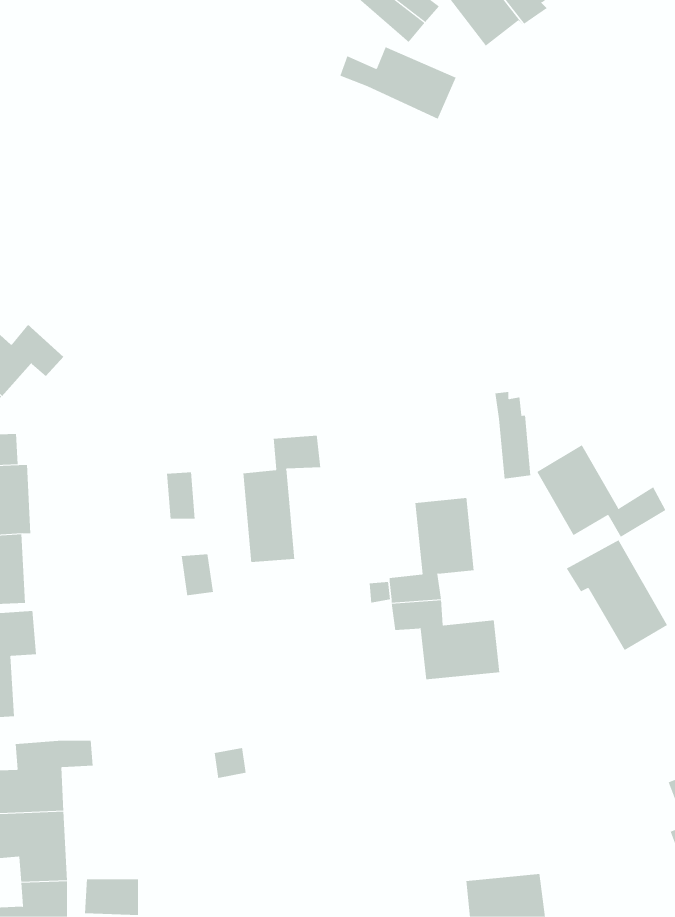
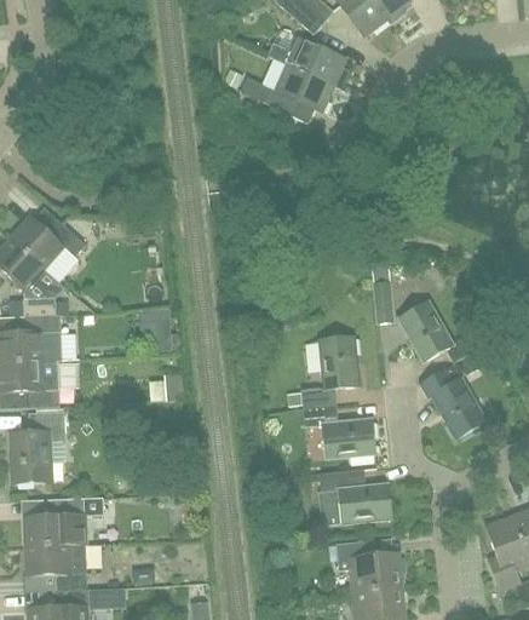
building: none -> [263,63,333,122]
building: [243,435,321,563] -> none
building: none -> [274,469,390,524]
building: none -> [335,538,401,590]

